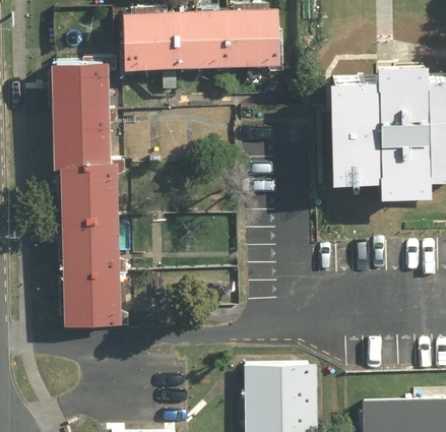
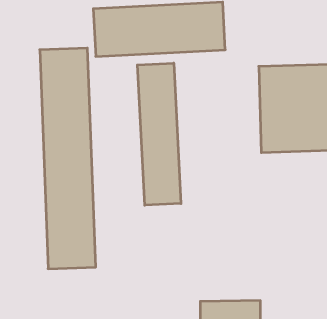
building: none -> [137,63,181,205]

